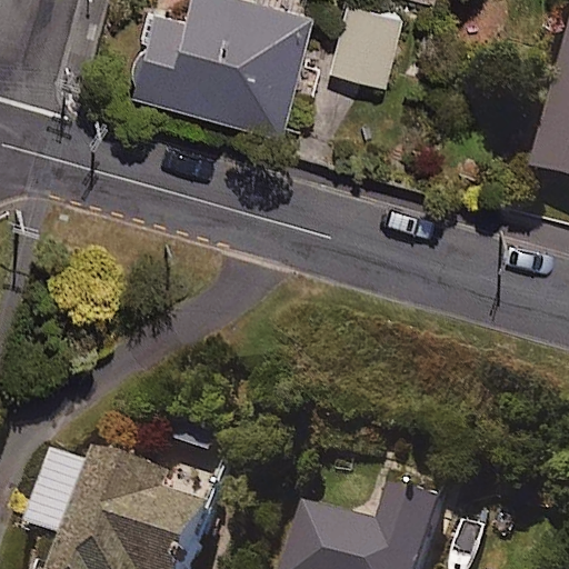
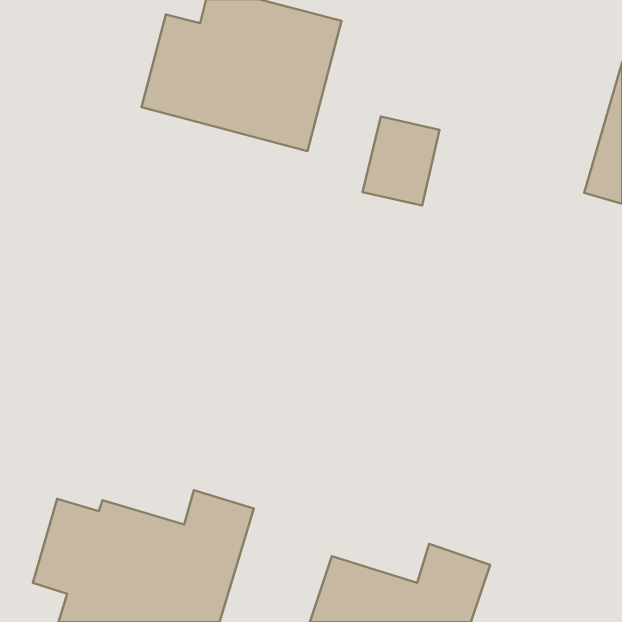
building: [329,6,399,87] -> [363,117,439,206]

